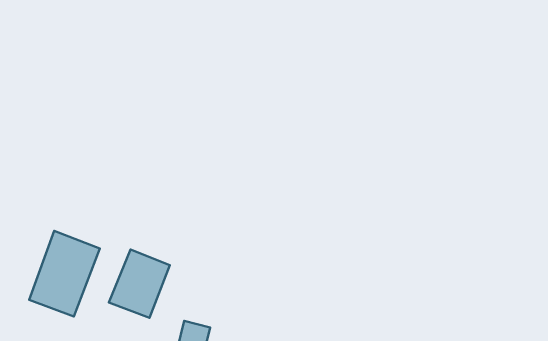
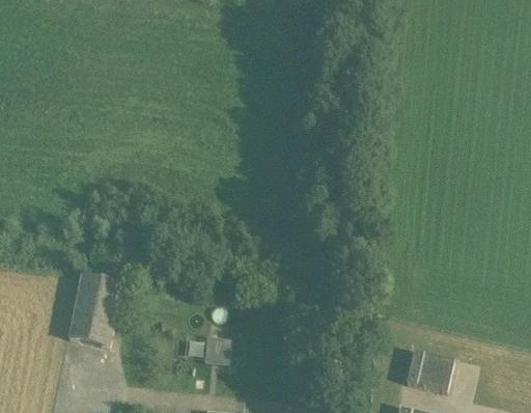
building: [109,249,170,318] -> none

